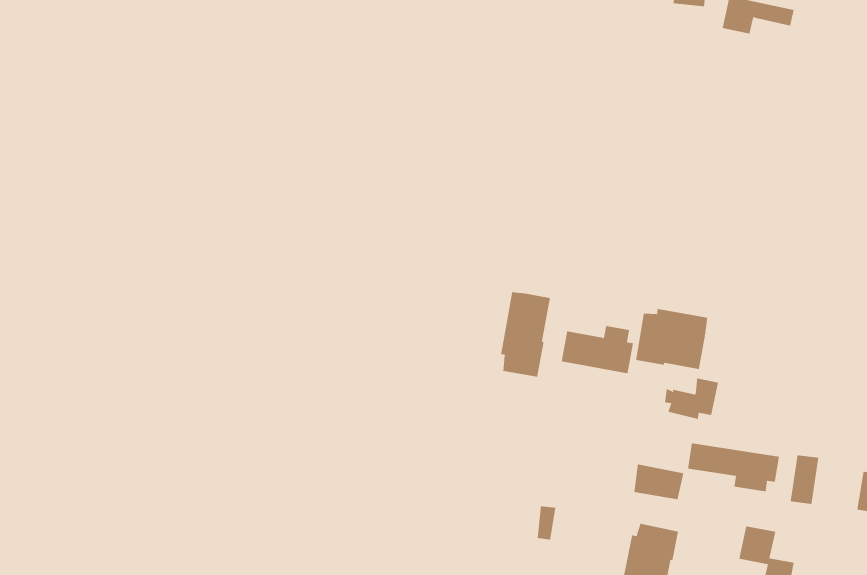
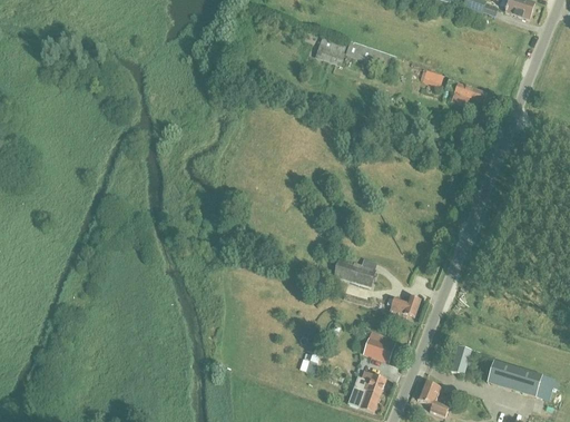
building: [500,292,551,377] -> none
building: [635,308,708,370] -> none
building: [688,443,779,492] -> none

